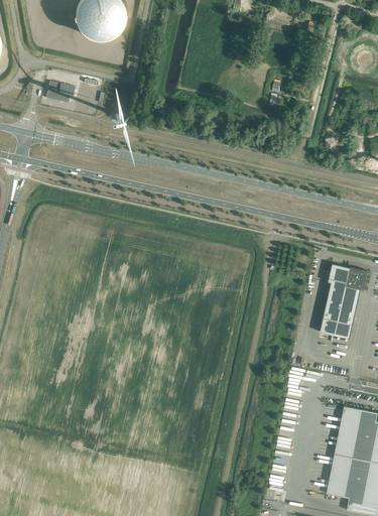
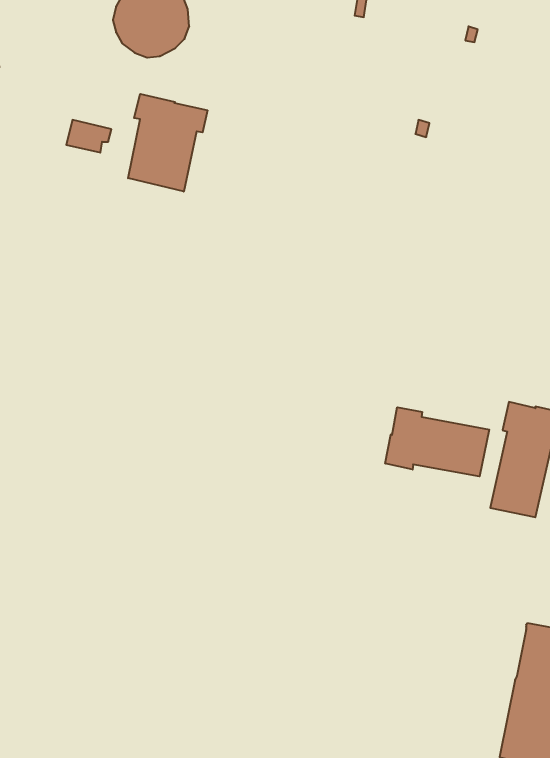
building: none -> [128,94,207,192]
building: none -> [385,407,489,476]

